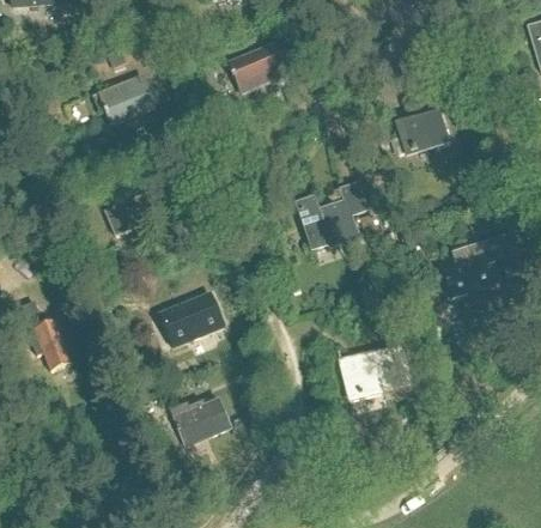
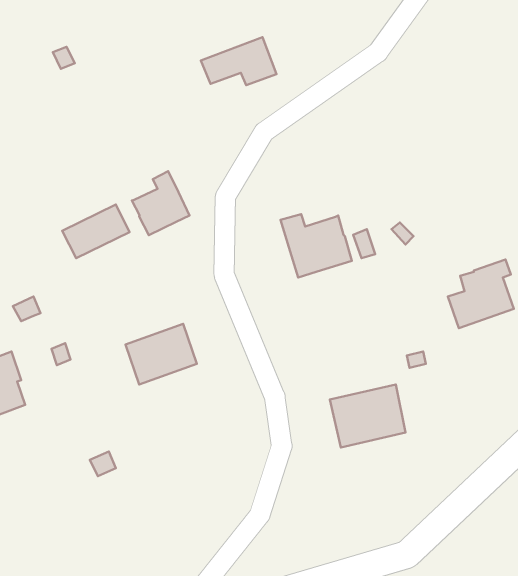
building: [99,73,156,122] -> none
building: [395,107,450,154] -> none
building: none -> [132,171,190,235]
building: [172,396,232,444] -> none

